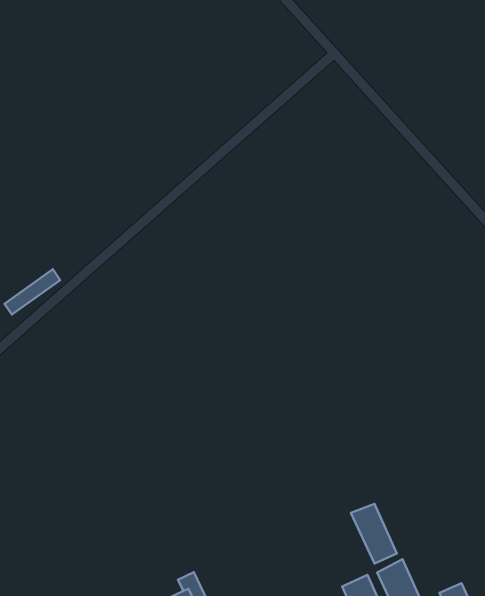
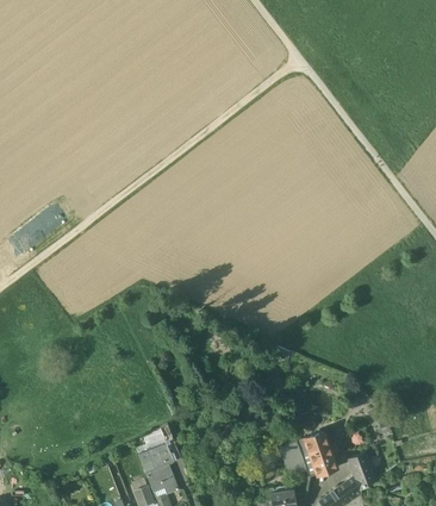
building: [351,504,397,564] -> none

